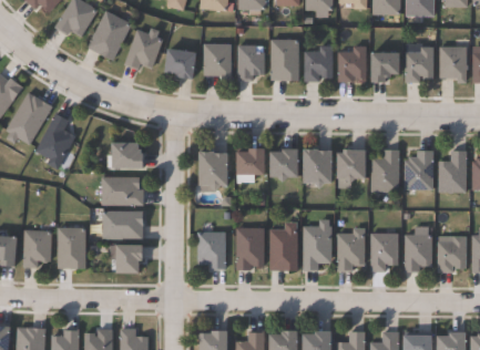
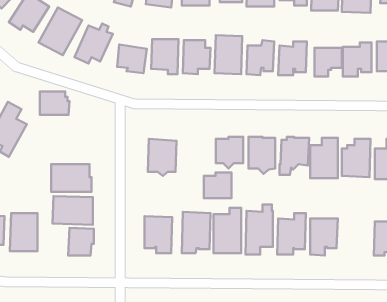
building: [114,142,145,166] -> [40,91,70,115]
building: [238,146,267,173] -> [204,173,231,198]
building: [404,234,433,271] -> none

